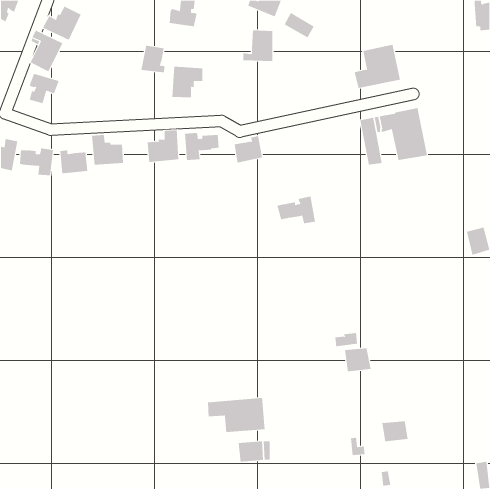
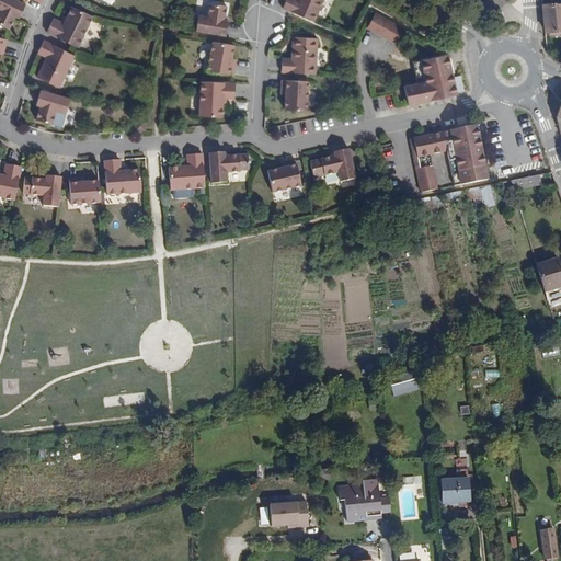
building: [284,12,315,38] -> [370,15,405,45]
building: [141,45,166,73] -> [208,44,237,76]
building: none -> [277,80,305,111]
building: [277,196,316,224] -> [311,146,356,178]
building: [345,347,371,372] -> none
building: [208,397,265,433] -> none
building: none -> [340,478,382,525]

